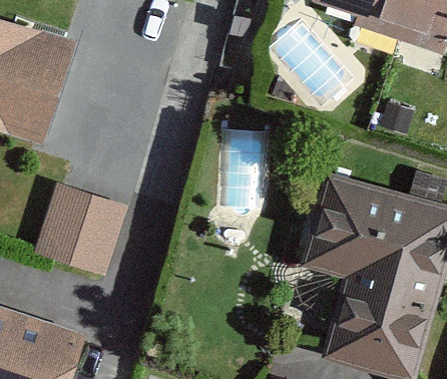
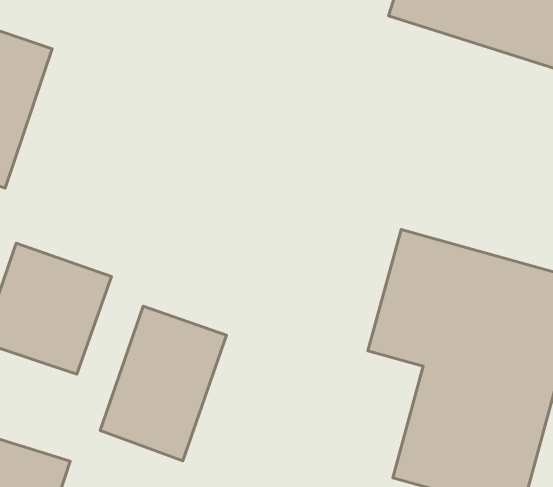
building: none -> [100,306,227,461]

